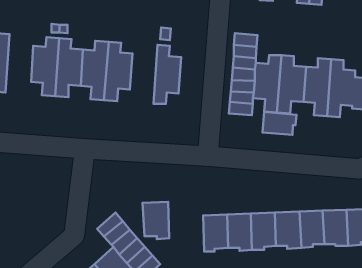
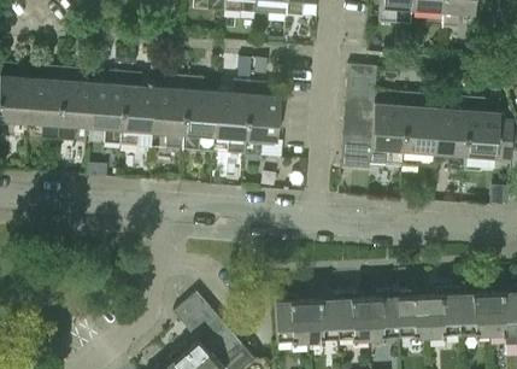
building: none -> [59,68,94,142]
building: none -> [216,80,251,156]
building: [262,112,297,135] -> none
building: [142,202,169,239] -> [276,297,310,344]

